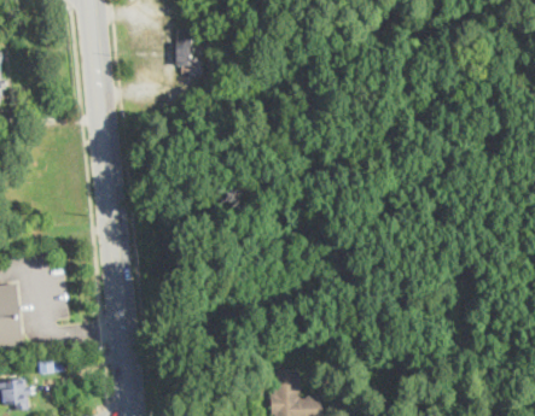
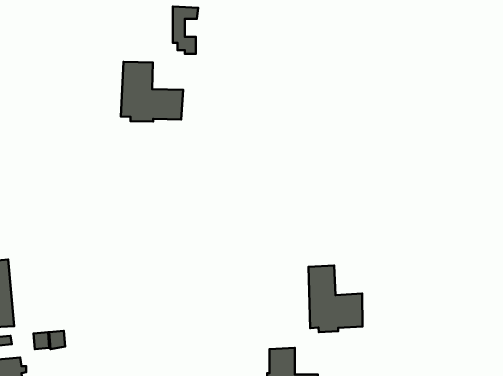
building: none -> [121,62,183,122]
building: none -> [309,265,362,332]

